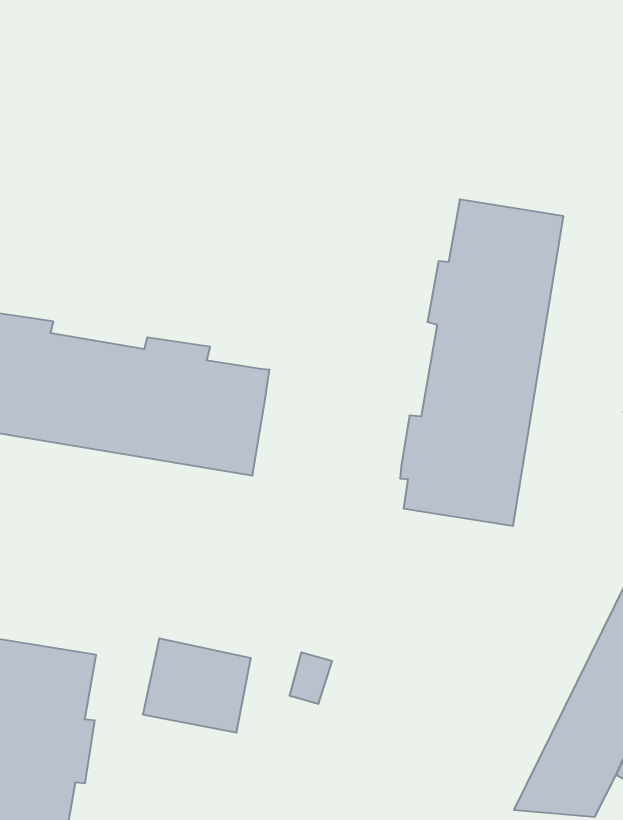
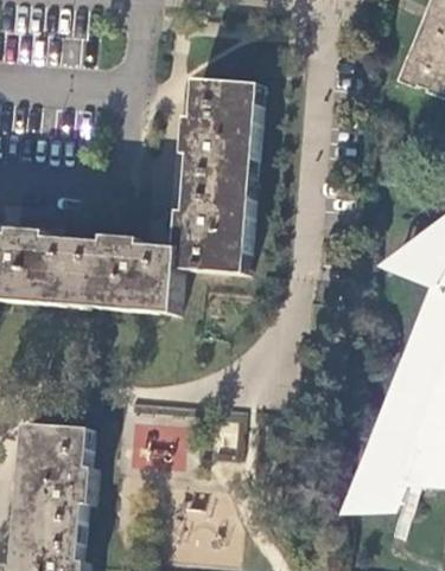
building: [400,199,564,526] -> [178,78,262,270]

